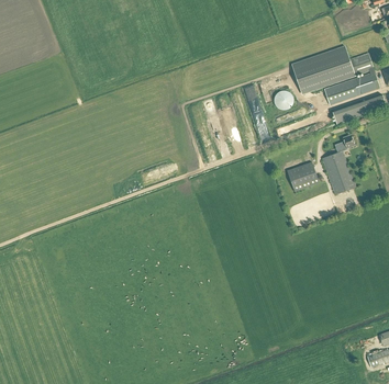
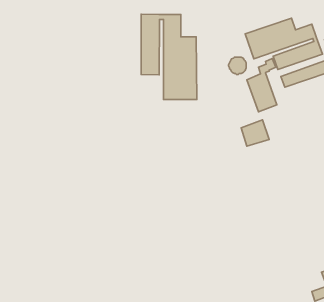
building: none -> [141,14,197,99]
building: [322,134,356,194] -> [247,58,277,112]

